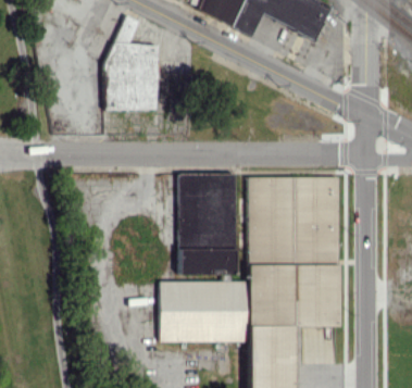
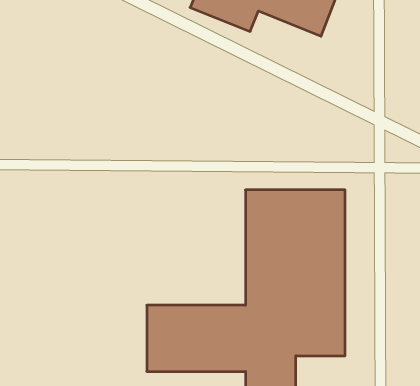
building: [105,15,159,110] -> none
building: [179,173,237,274] -> none

